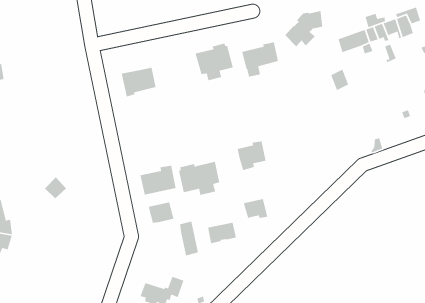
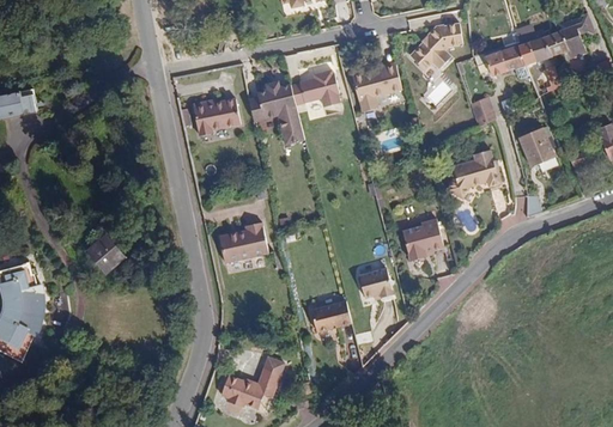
building: none -> [248,83,304,146]
building: none -> [517,123,553,163]
building: none -> [448,151,502,197]
building: [237,140,267,171] -> [402,221,442,262]
building: [178,161,220,196] -> none
building: [148,201,174,224] -> none
building: [179,221,199,256] -> none

